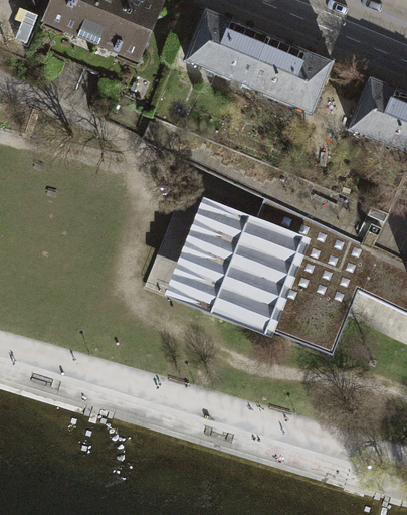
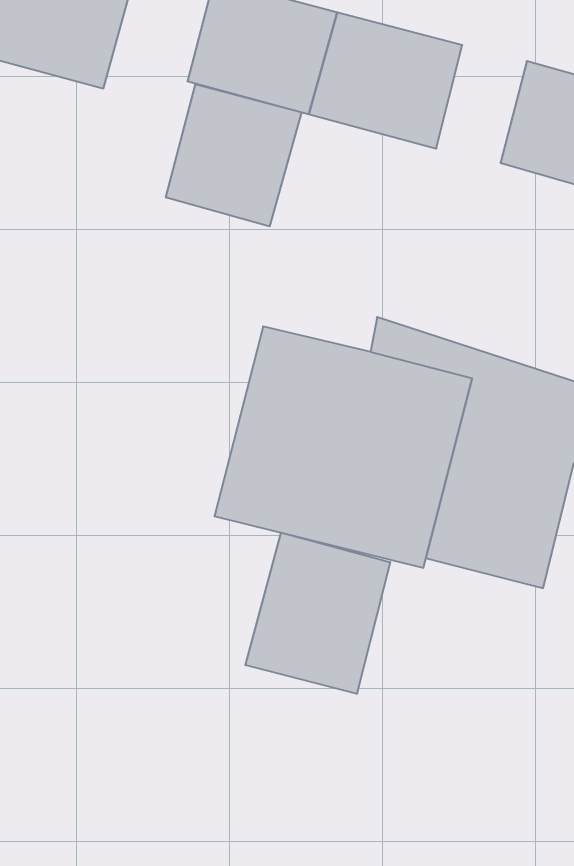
building: none -> [166,84,301,226]
building: none -> [245,533,390,694]

